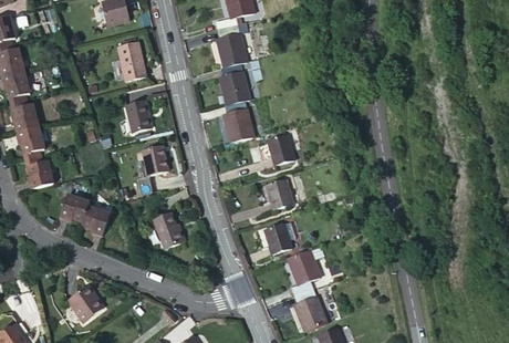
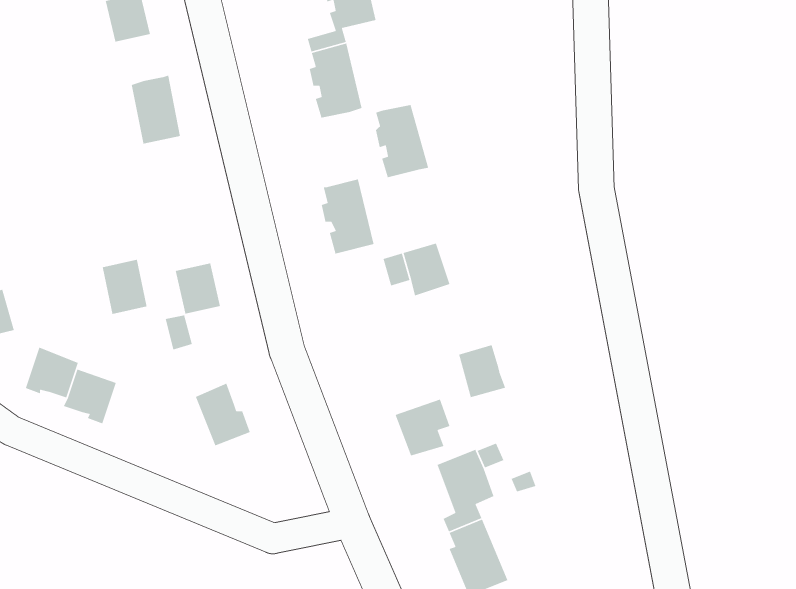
building: [220,63,250,104] -> [375,104,429,178]
building: [126,101,152,132] -> [102,259,148,315]
building: [267,179,293,209] -> [458,344,506,398]
building: [69,287,104,321] -> none

